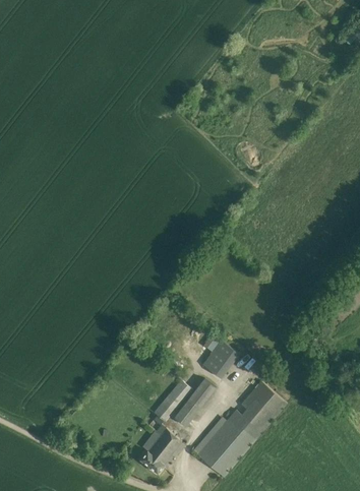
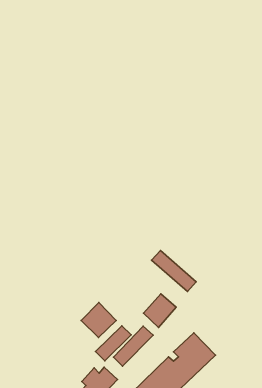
building: none -> [152,250,196,292]
building: none -> [81,302,116,338]

